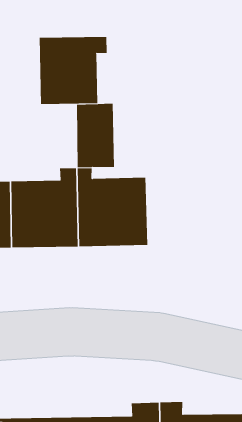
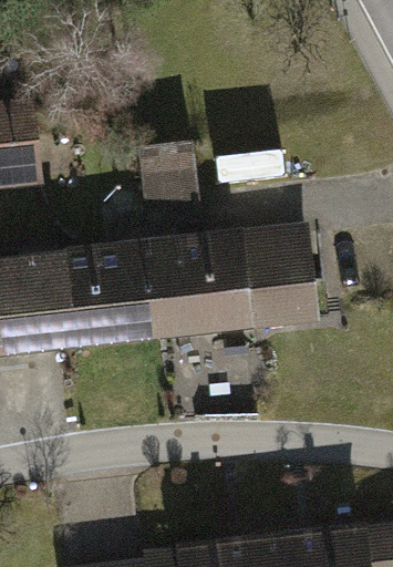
building: [39,36,107,105] -> none
building: none -> [239,230,314,323]

